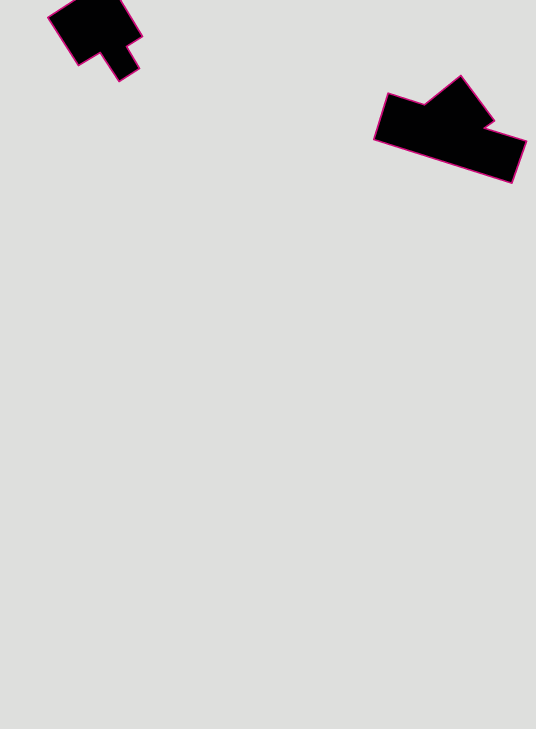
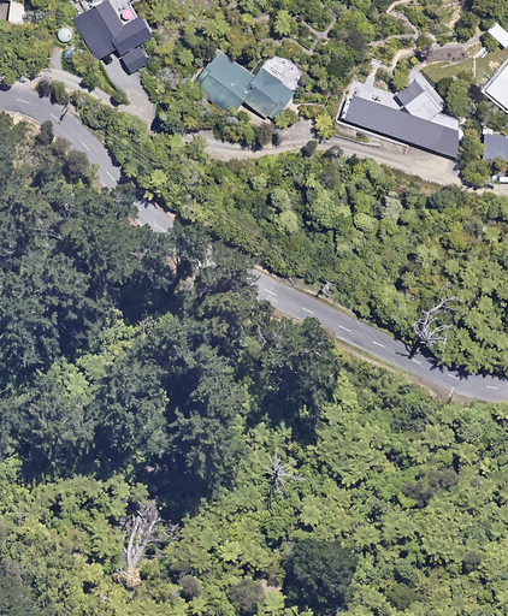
building: none -> [191,51,299,124]

